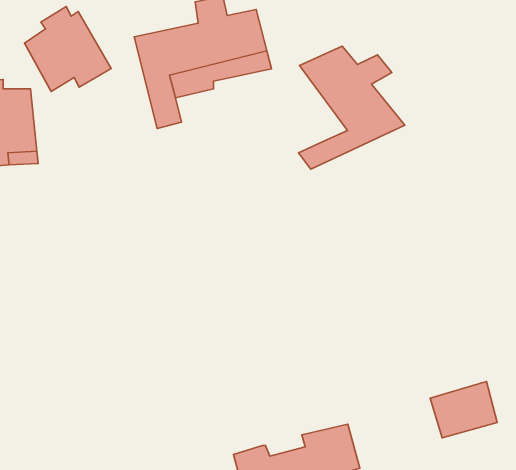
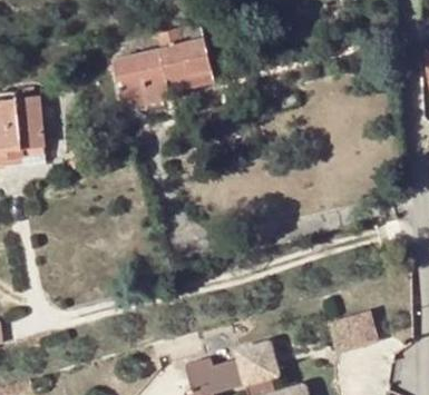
building: [25,7,111,91] -> none
building: [299,46,405,169] -> none

